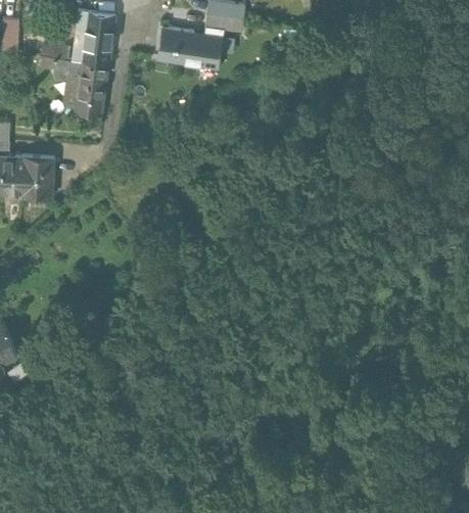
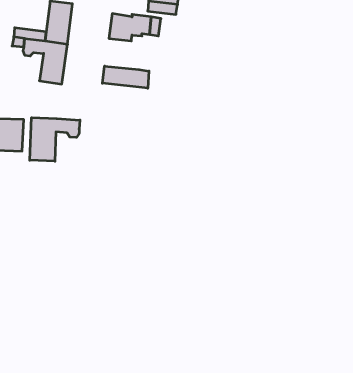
building: none -> [102,66,149,88]
building: none -> [30,118,80,161]

